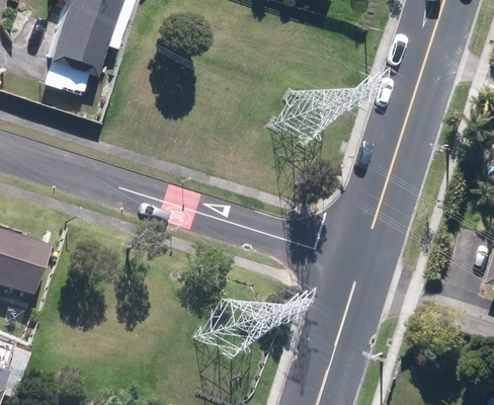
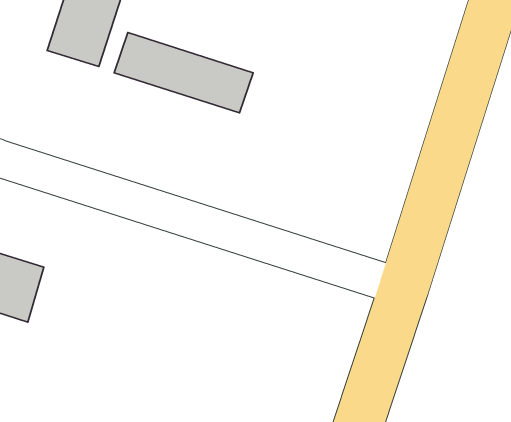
building: none -> [114,33,253,113]

